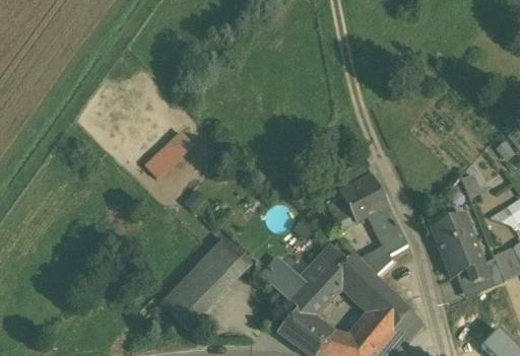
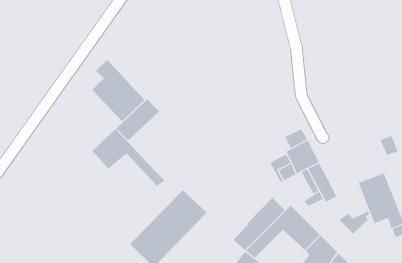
building: none -> [91,59,145,122]
building: none -> [92,128,166,187]
building: [356,246,394,275] -> [339,211,370,234]
building: [262,257,301,295] -> none

